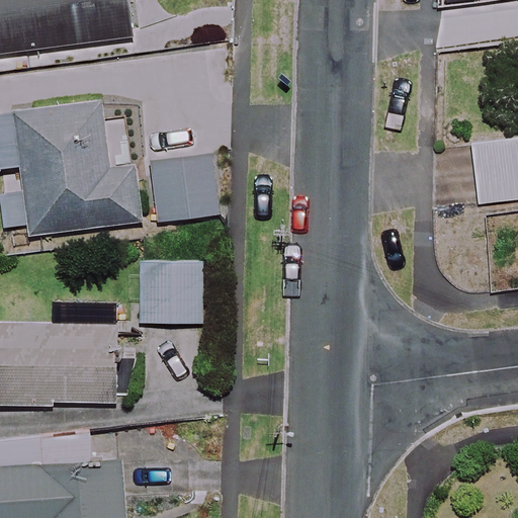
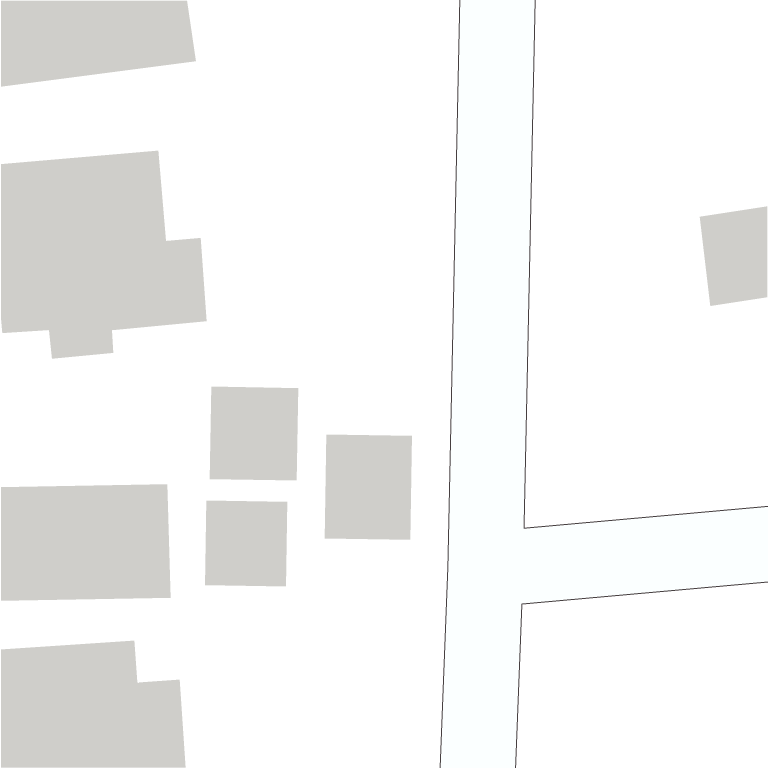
building: [152,159,220,219] -> none
building: none -> [324,434,413,540]
building: none -> [205,500,288,587]

